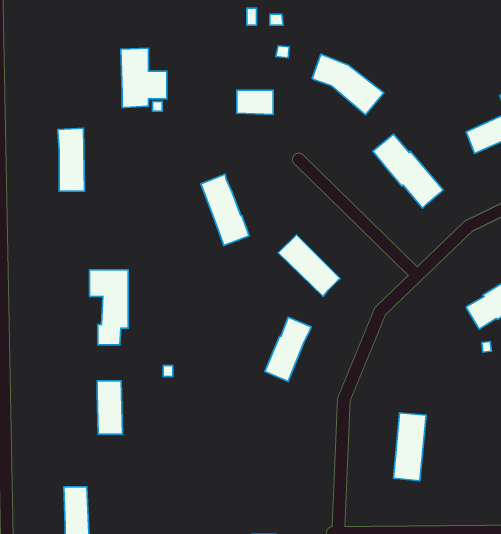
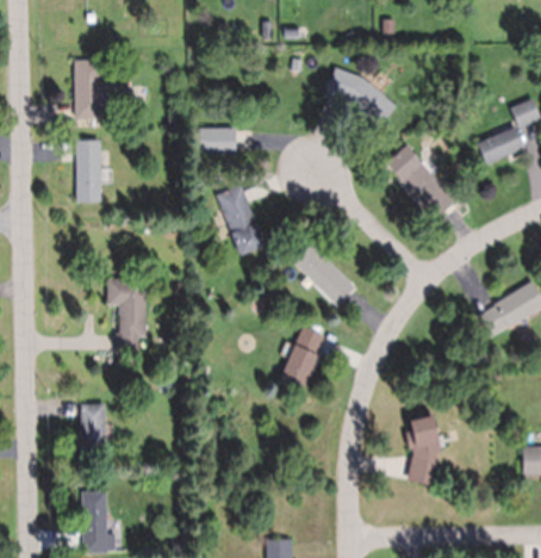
building: [121,48,167,107] -> [75,60,120,118]
building: [237,90,273,114] -> [200,129,236,153]
building: [97,381,122,434] -> [81,404,106,457]

